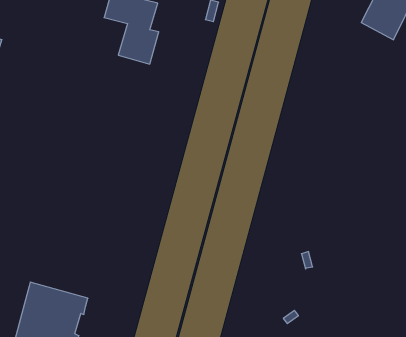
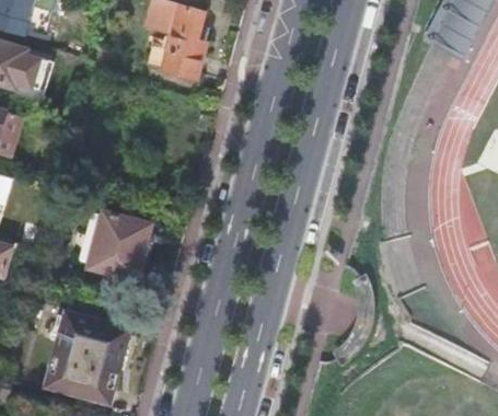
building: none -> [79,210,152,280]

